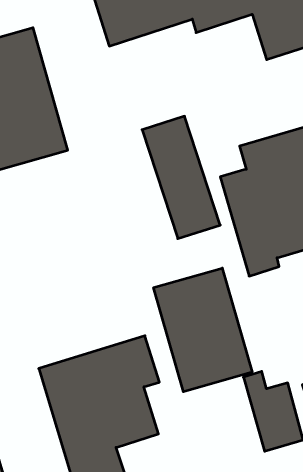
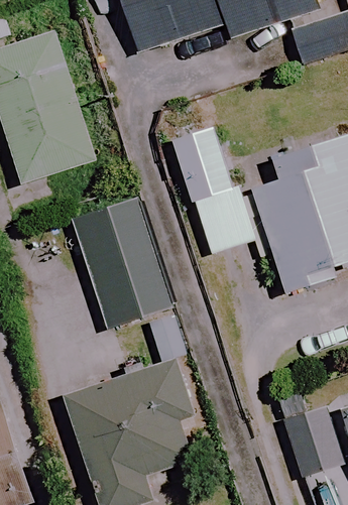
building: none -> [74,200,169,328]
building: [154,268,252,392] -> none

